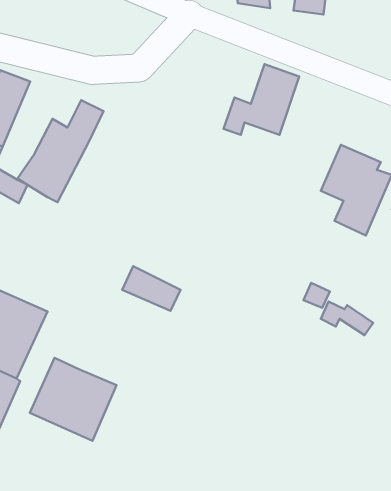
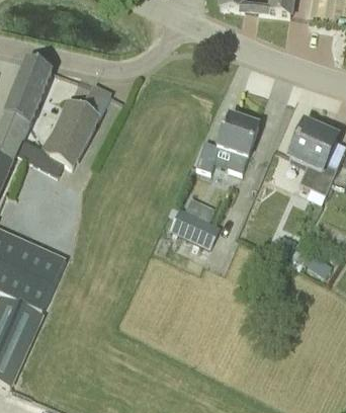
building: [223,64,299,135] -> [196,113,258,171]
building: [122,266,180,311] -> [172,205,220,242]
building: [30,358,116,441] -> none

